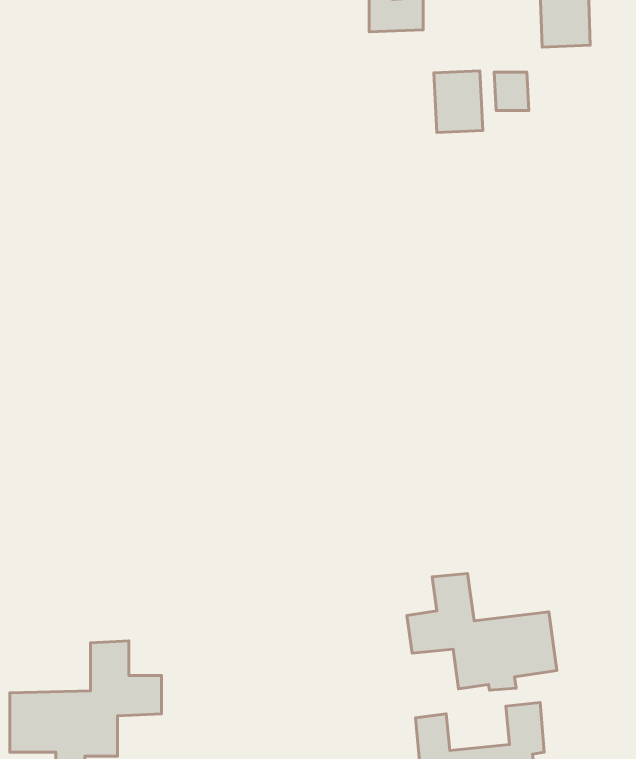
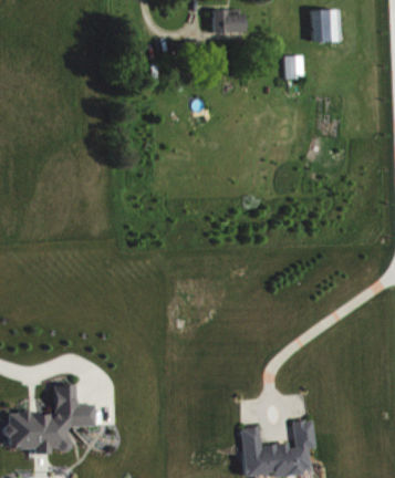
building: [434,71,483,133] -> none
building: [407,574,557,690] -> none

